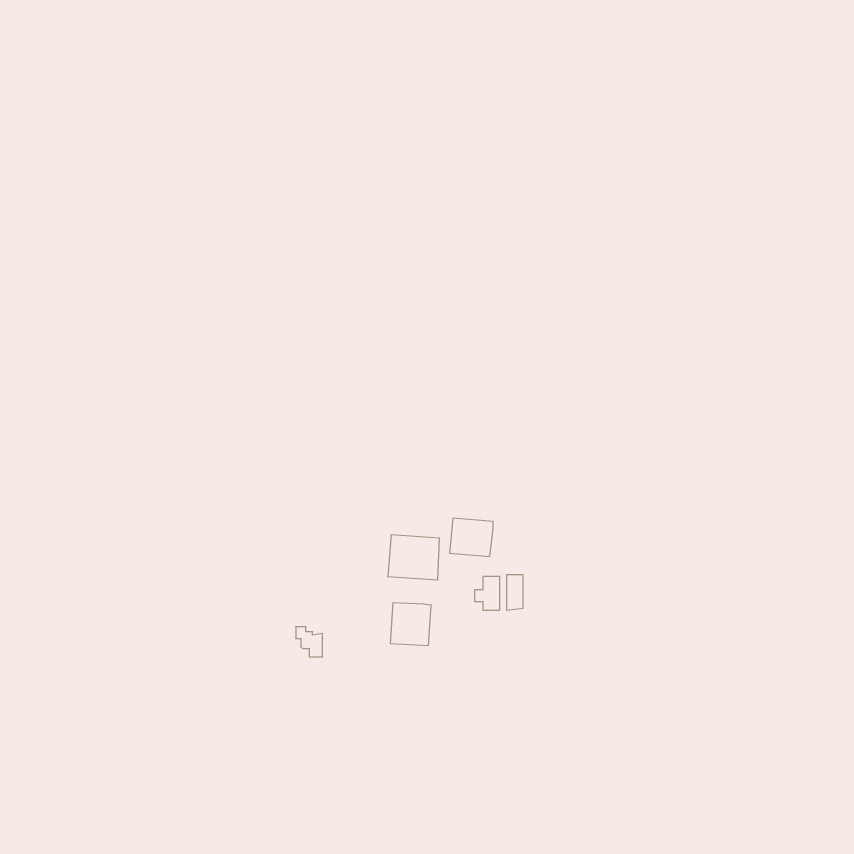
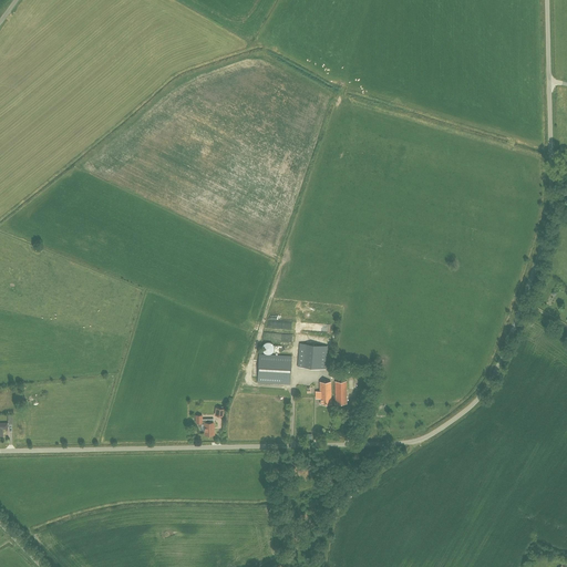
building: [391,603,431,646] -> none

